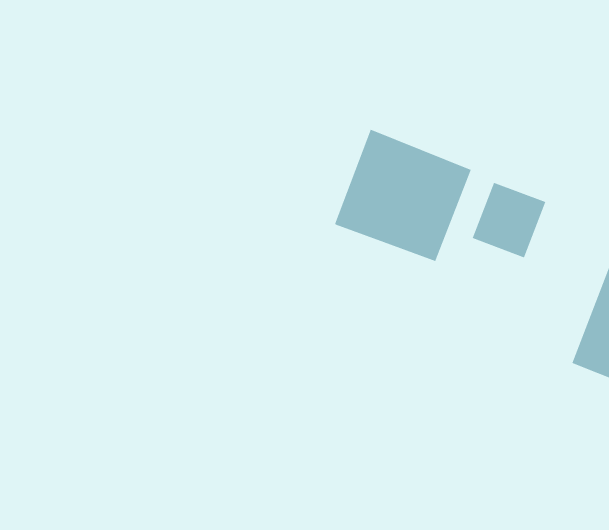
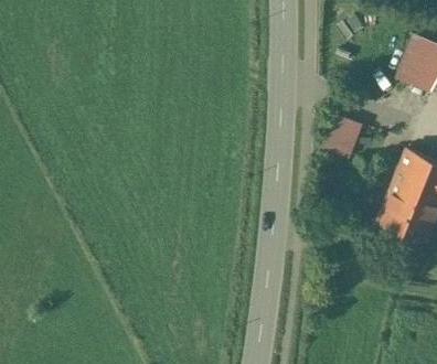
building: [335,129,471,262] -> none

